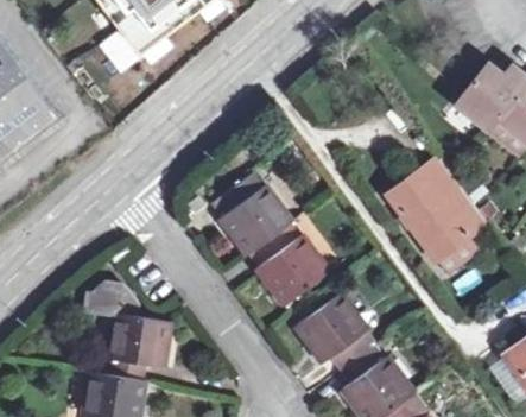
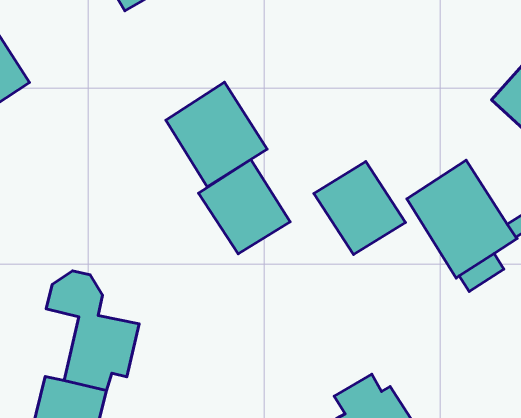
building: none -> [166,82,267,187]
building: [247,222,328,303] -> [314,161,406,254]
building: [294,293,375,369] -> none

